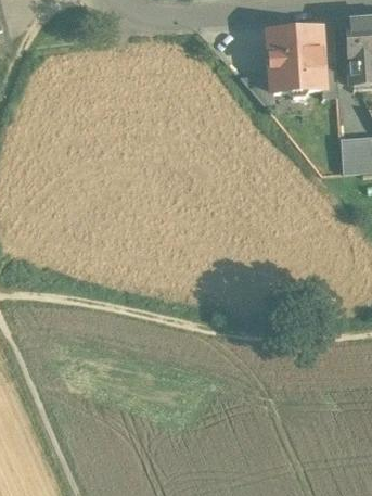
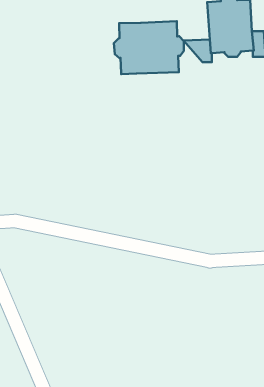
building: none -> [114,21,184,74]

